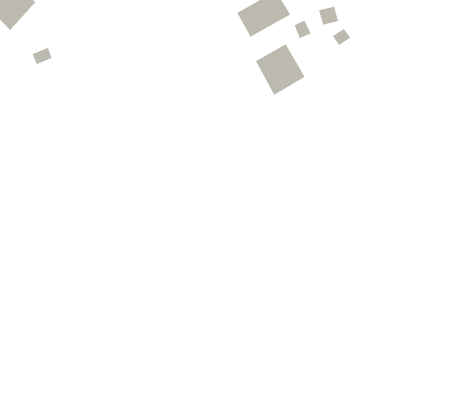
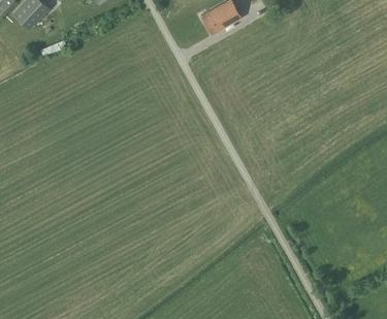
building: [255,43,305,96] -> none

